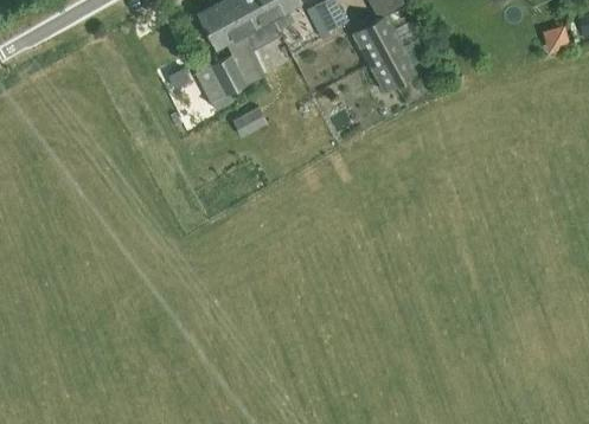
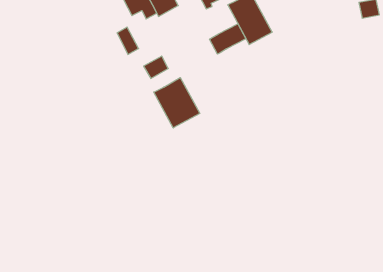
building: [209,54,247,96] -> none
building: none -> [210,24,246,54]
building: none -> [154,78,200,128]

